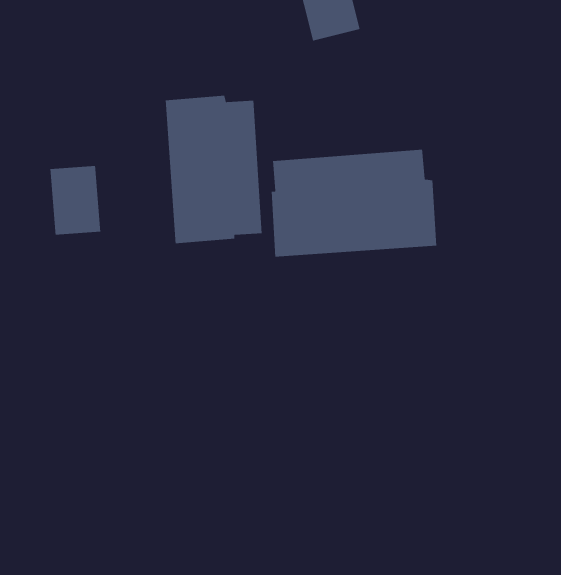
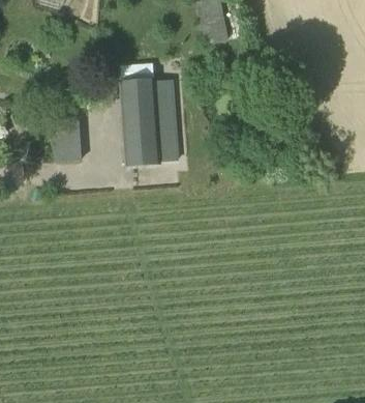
building: [271,149,437,258] -> none

